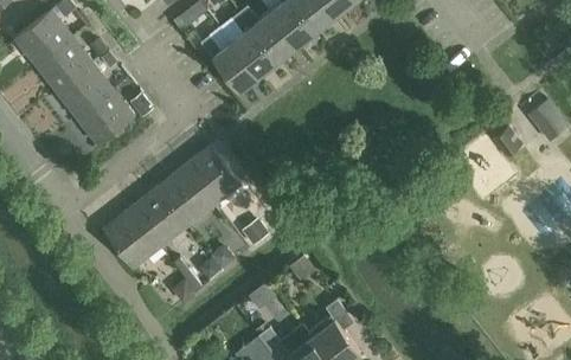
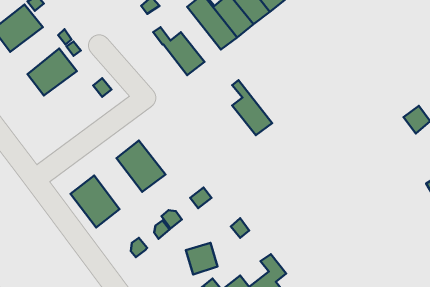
building: [232,12,278,76] -> [232,80,272,135]
building: [34,36,91,90] -> none
building: [73,86,134,144] -> none
building: [184,146,242,206] -> none
building: [131,187,187,246] -> none

